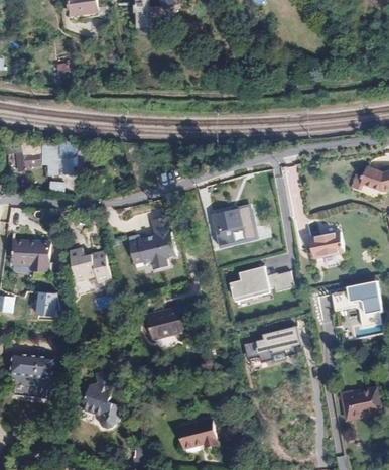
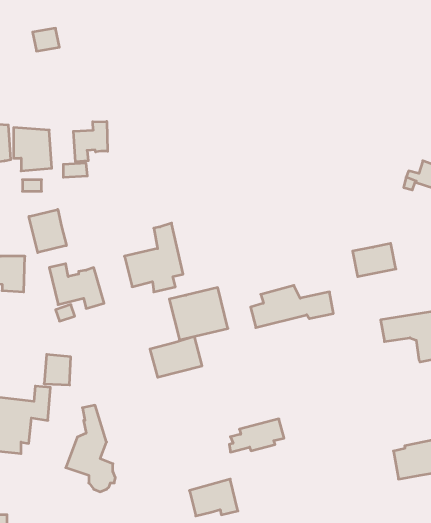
building: none -> [73,121,108,162]
building: [210,205,256,246] -> [169,288,228,340]
building: none -> [29,209,66,253]
building: [35,291,56,316] -> [44,354,71,385]
building: [254,328,297,354] -> [229,419,284,452]

